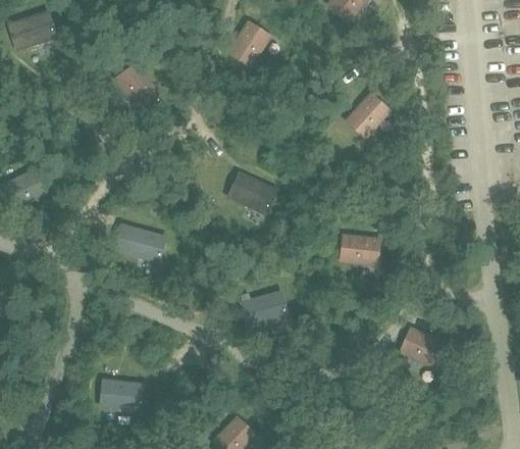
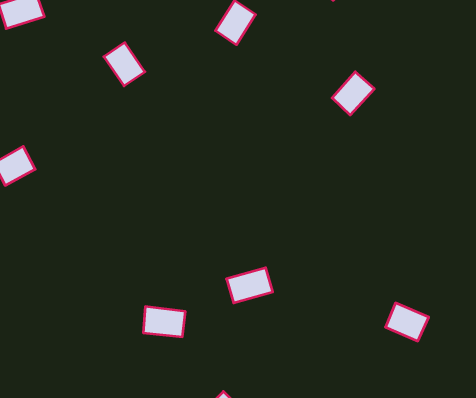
building: [227,172,275,213] -> none
building: [113,224,164,262] -> none
building: [341,235,379,264] -> none
building: [100,380,143,410] -> [143,307,185,337]

